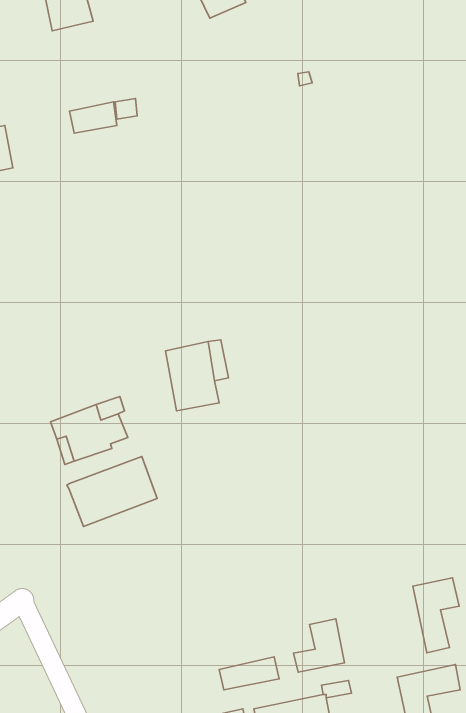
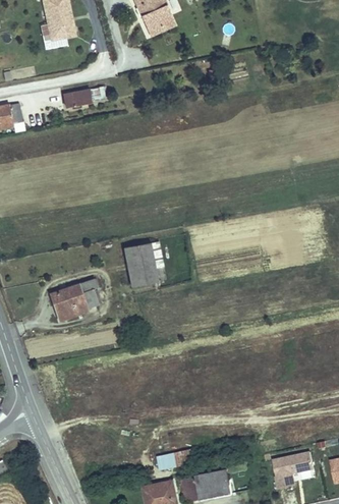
building: [67,456,157,527] -> none
building: [413,578,459,653] -> none
building: [294,619,344,672] -> none

